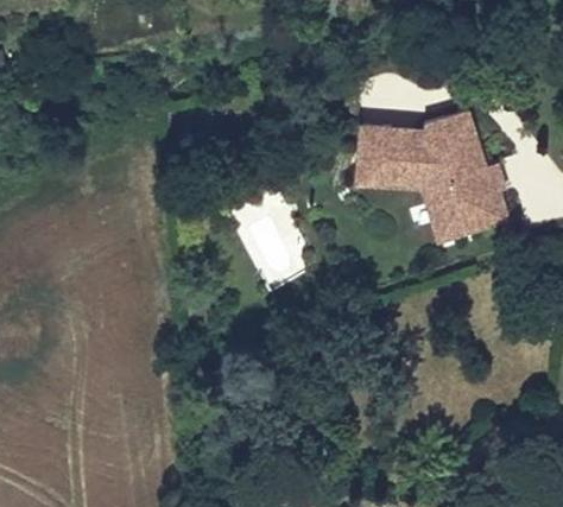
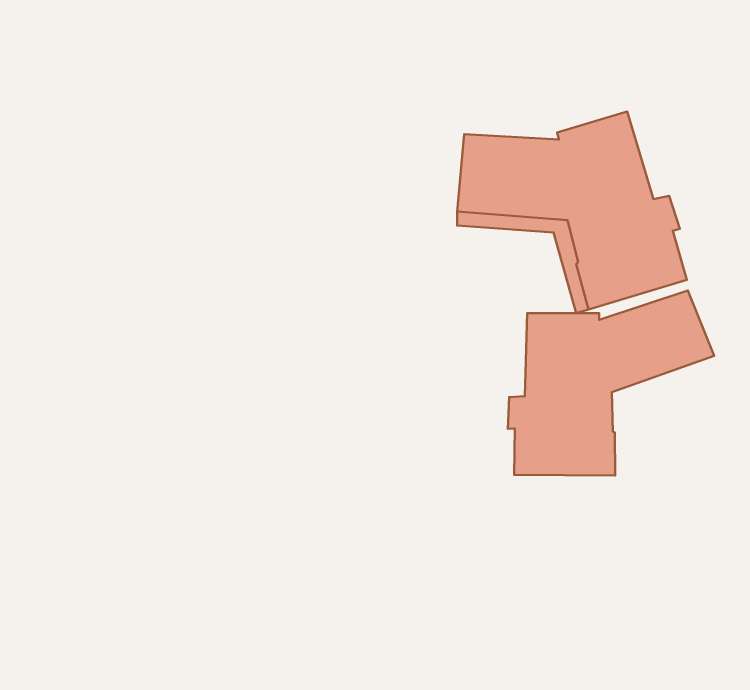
building: none -> [508,291,714,475]

